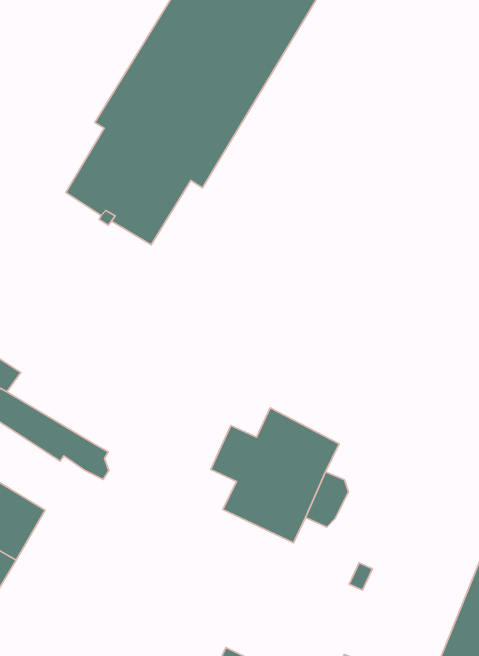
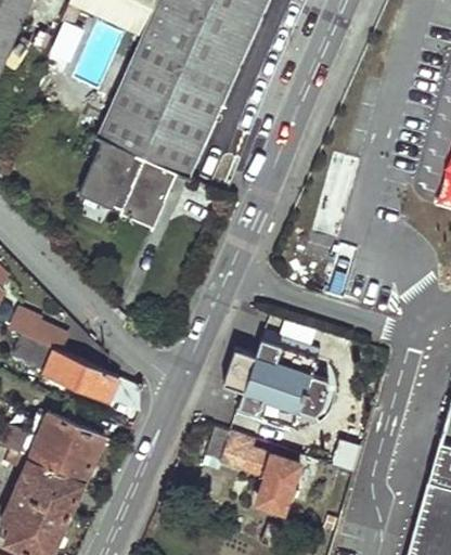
building: none -> [206,430,301,514]

